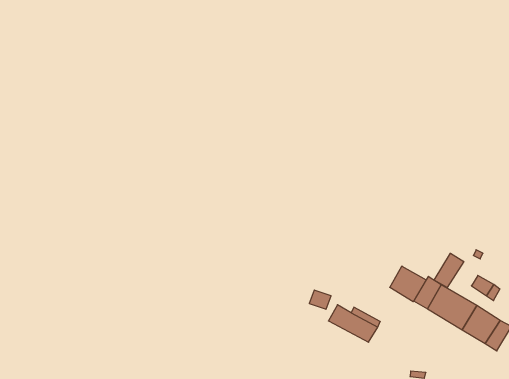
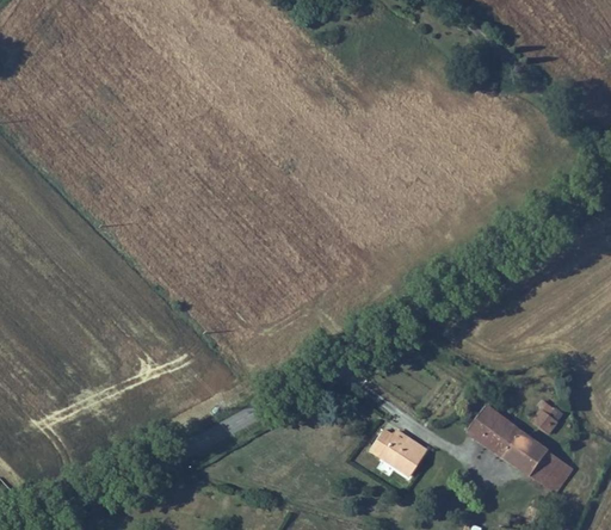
building: [434,253,464,287] -> none
building: [390,266,426,302] -> none

